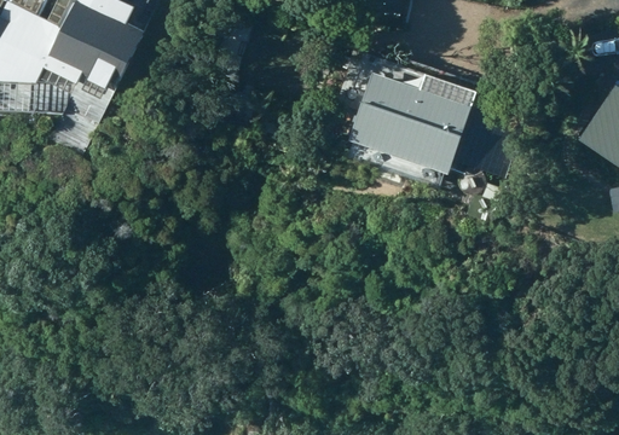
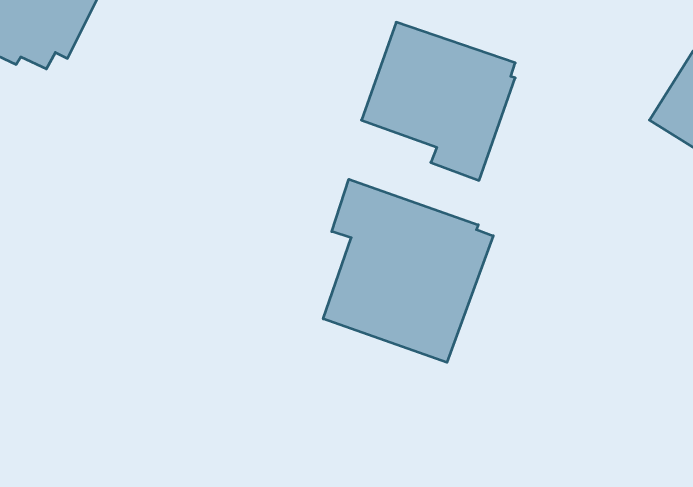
building: none -> [323,179,493,362]

